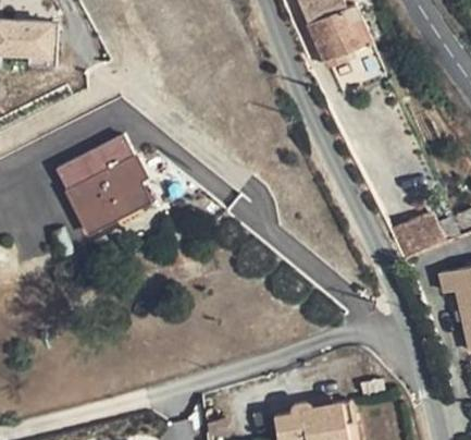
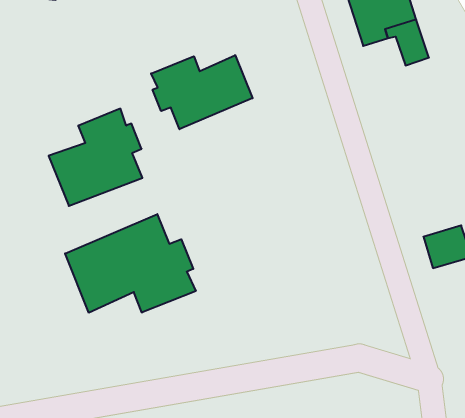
building: none -> [151,55,253,129]
building: none -> [65,214,196,313]

